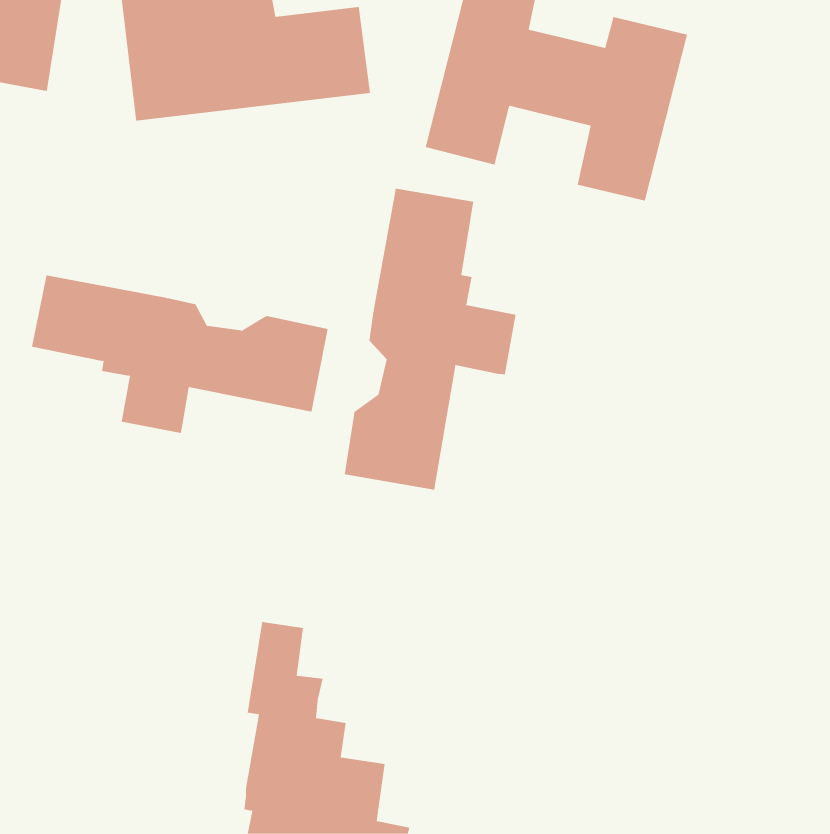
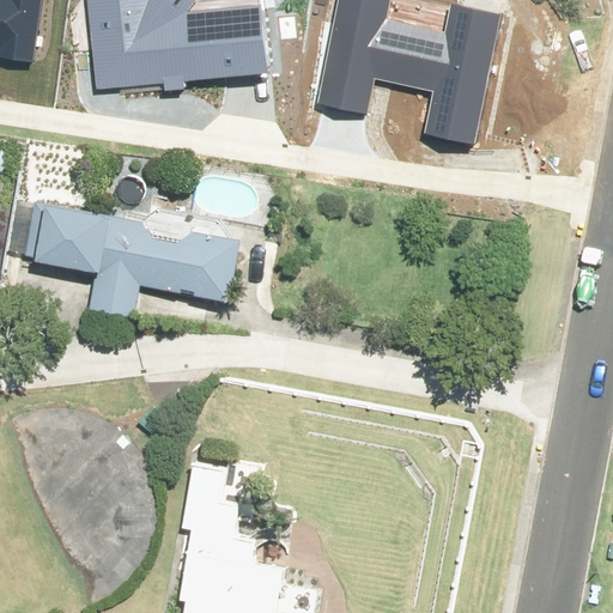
building: [344,188,516,491] -> none

